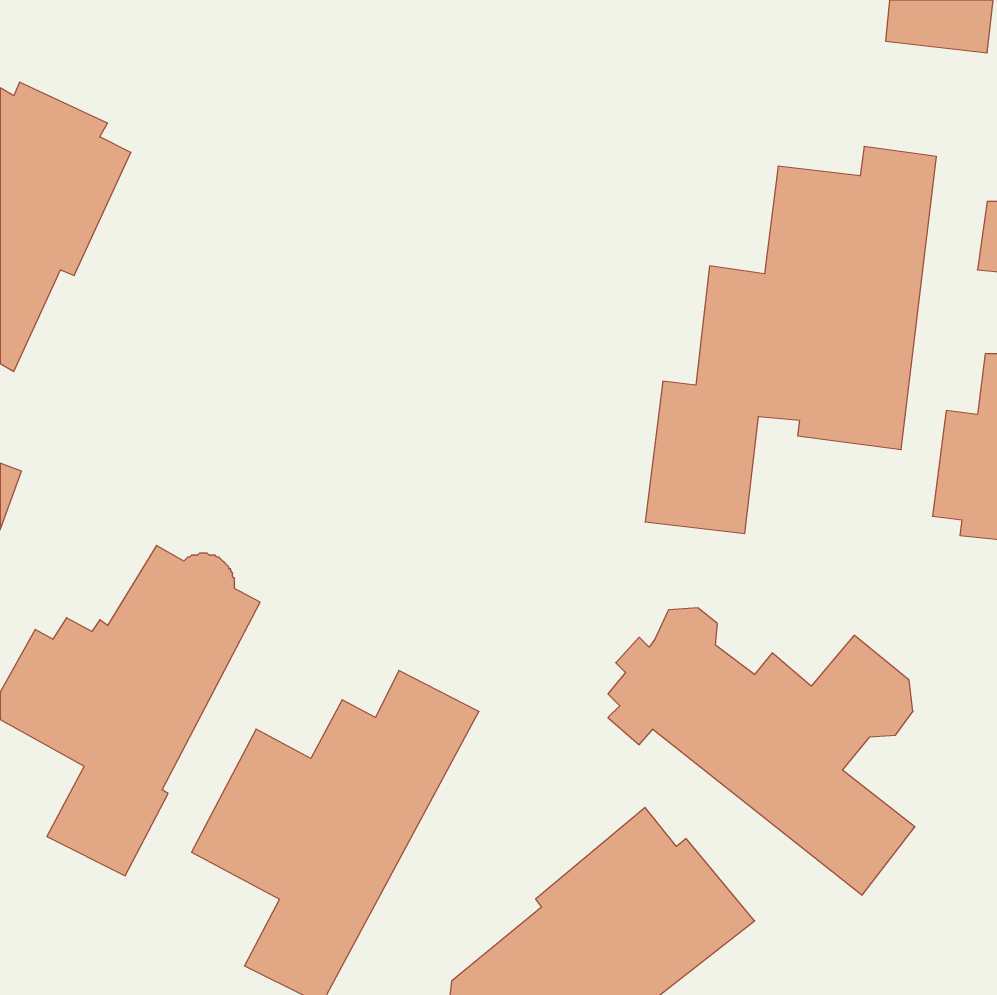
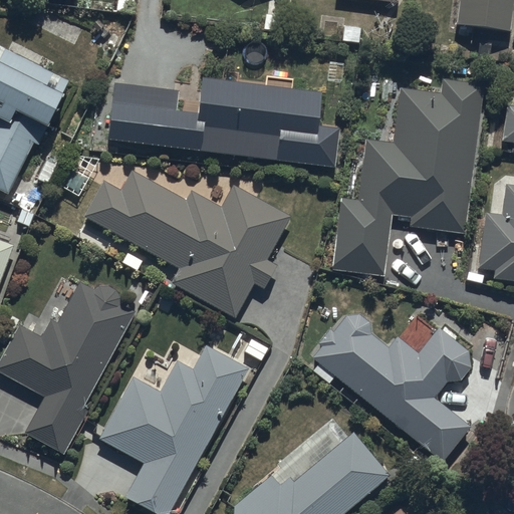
building: none -> [107,77,339,166]
building: none -> [84,170,291,318]

